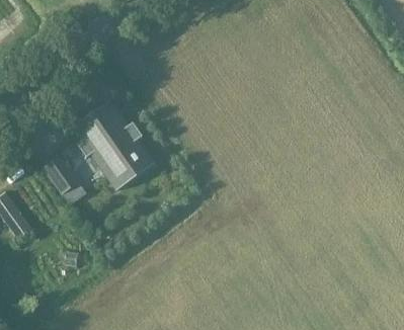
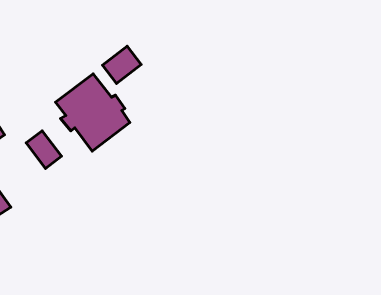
building: none -> [102,46,141,83]

